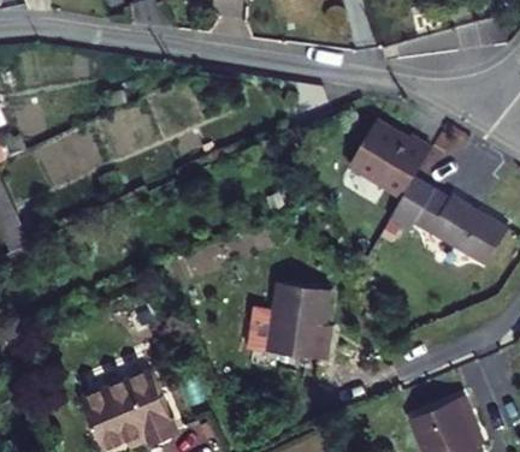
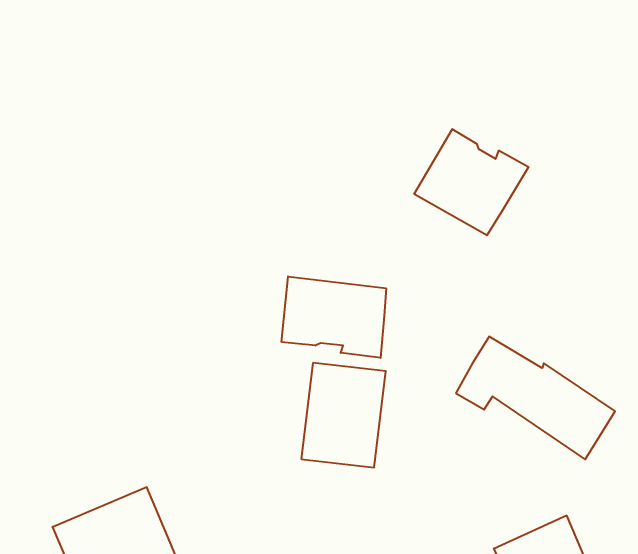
building: [390,173,506,262] -> [456,337,615,459]
building: none -> [282,276,386,358]

